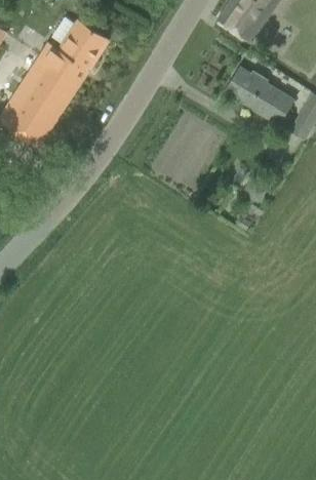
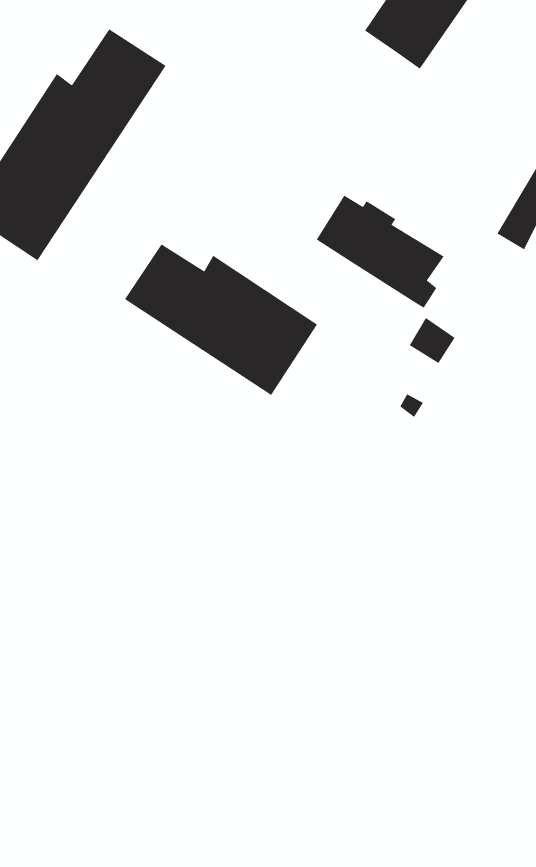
building: [226,66,297,128] -> [316,195,445,309]
building: none -> [124,243,318,396]

